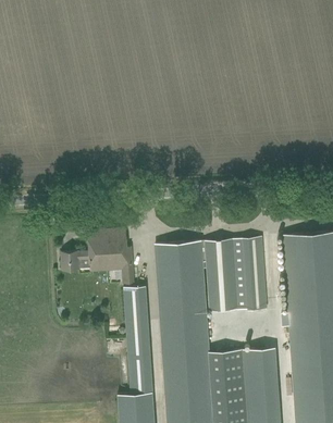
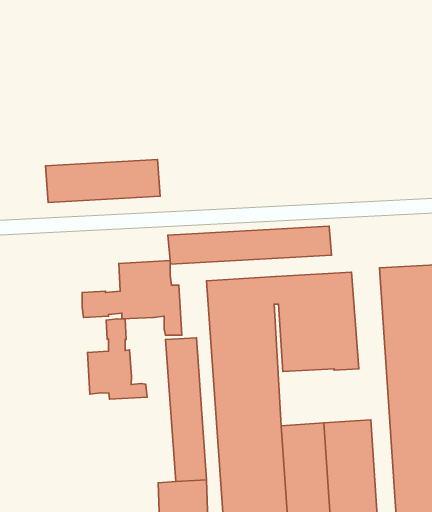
building: none -> [45,159,160,203]
building: none -> [168,226,332,264]
building: none -> [88,319,147,399]

